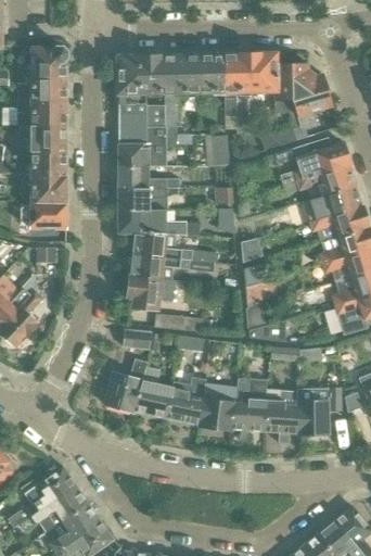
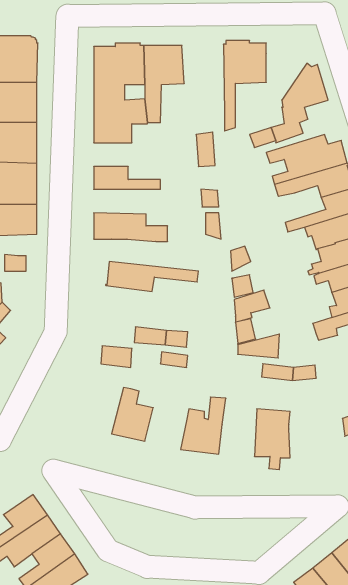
building: [199,54,238,116] -> none
building: [276,63,312,112] -> none
building: [118,127,167,166] -> none
building: [118,187,179,210] -> none
building: [132,232,215,262] -> none
building: [127,275,175,309] -> none
building: [103,358,148,412] -> none
building: [165,377,206,425] -> none
building: [232,378,268,440] -> none
building: [296,390,329,433] -> none

